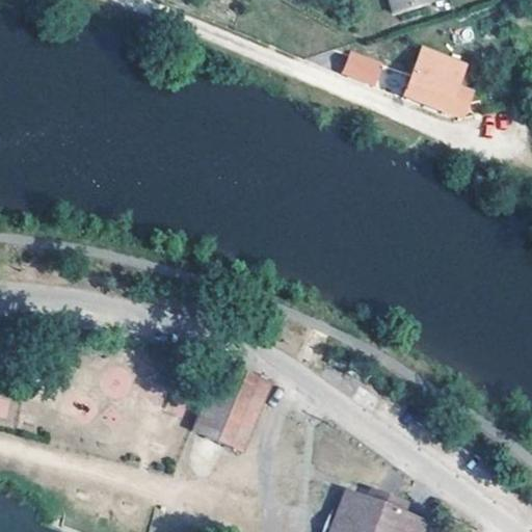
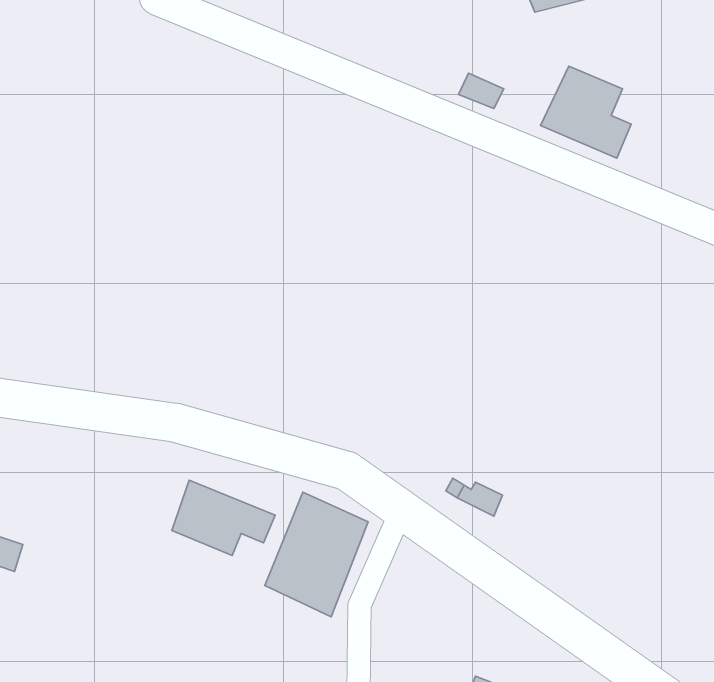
building: none -> [172,480,275,555]

